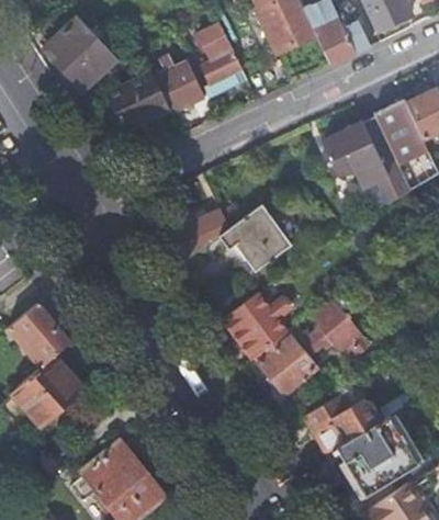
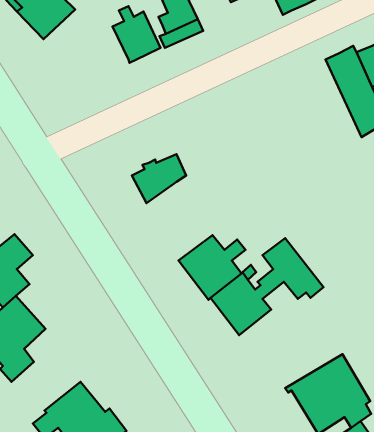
building: [108,74,169,131] -> none
building: [322,116,408,203] -> none
building: [218,207,289,273] -> none
building: [302,378,379,454] -> none

